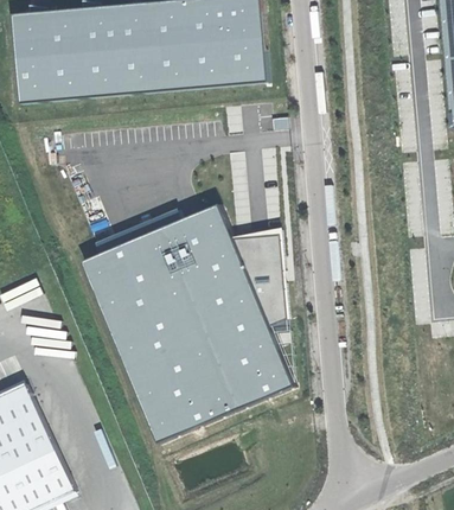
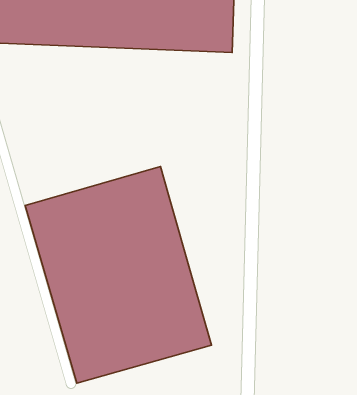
building: [228,232,281,323] -> none

